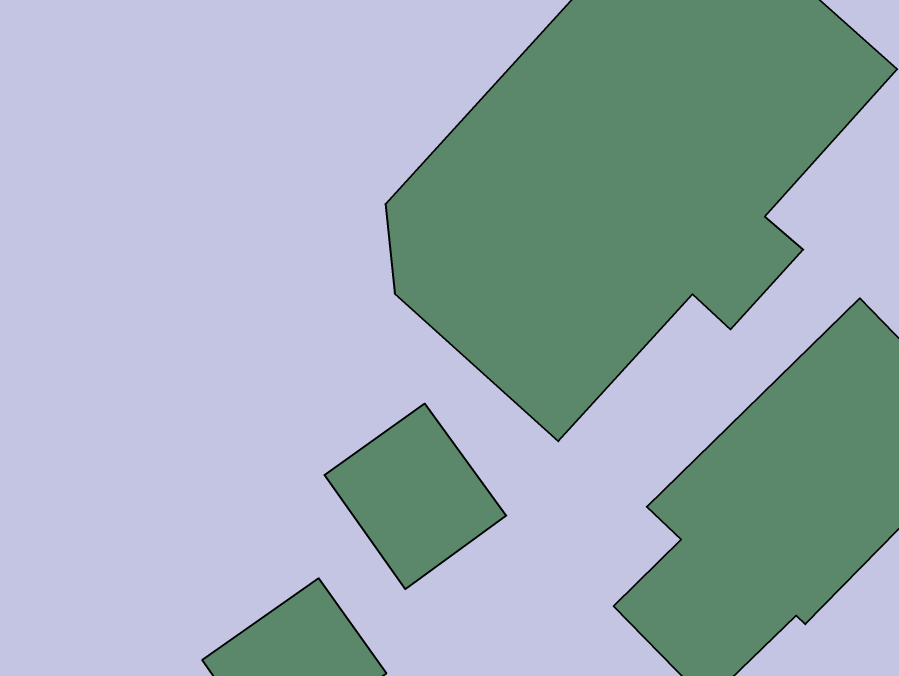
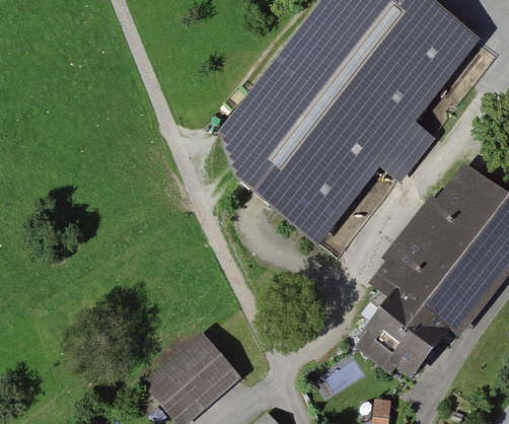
building: [324,404,506,589] -> none

